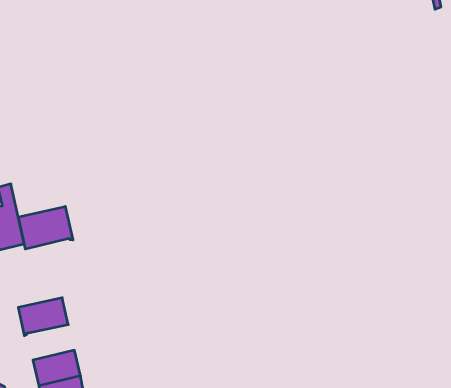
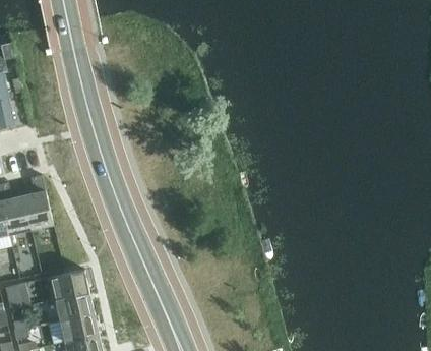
building: [18,206,73,249] -> none
building: none -> [53,291,93,320]

